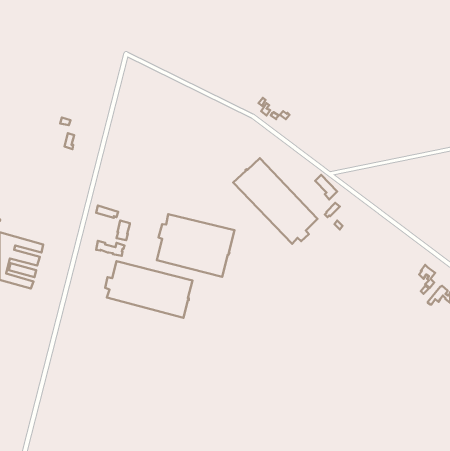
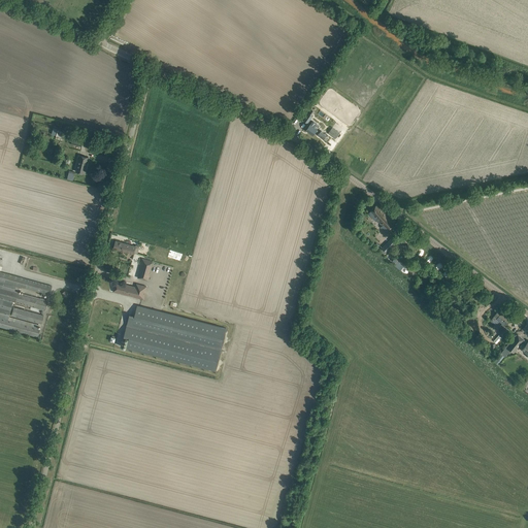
building: [233,158,318,244] -> none
building: [157,214,235,277] -> none

